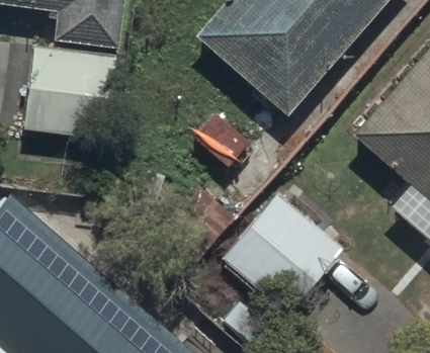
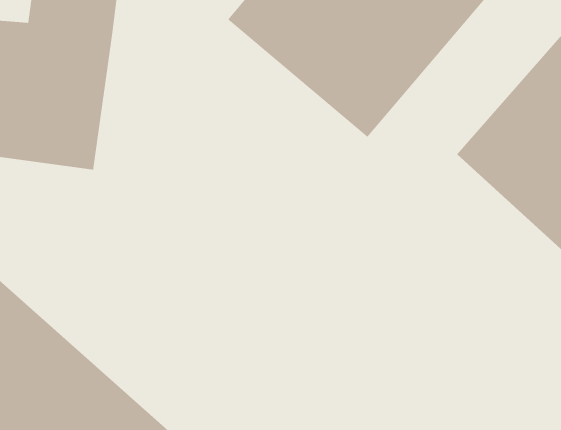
building: [223,197,338,312] -> none

